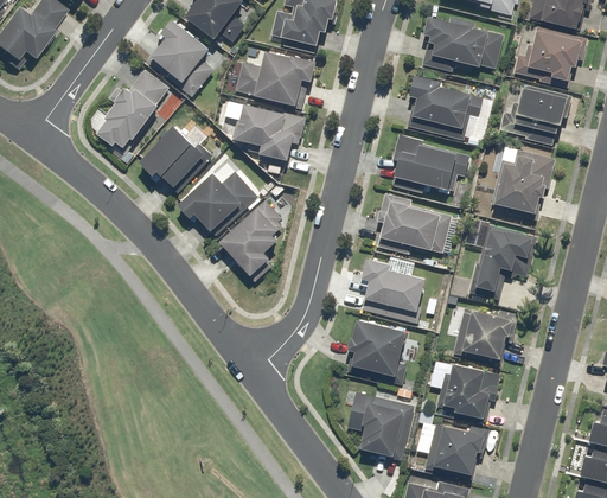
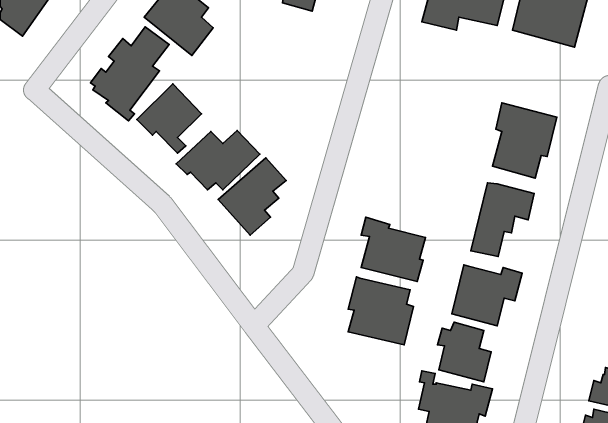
building: [235,51,314,106] -> none
building: [405,74,484,143] -> none
building: [498,84,568,149] -> none
building: [232,103,306,174] -> none
building: [389,132,471,196] -> none
building: [378,191,453,255] -> none
building: [347,391,415,456] -> none

